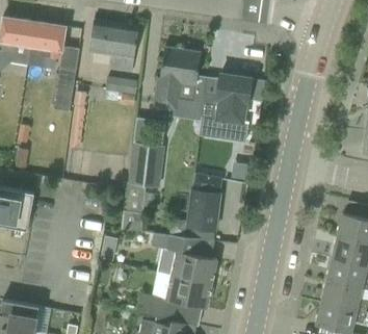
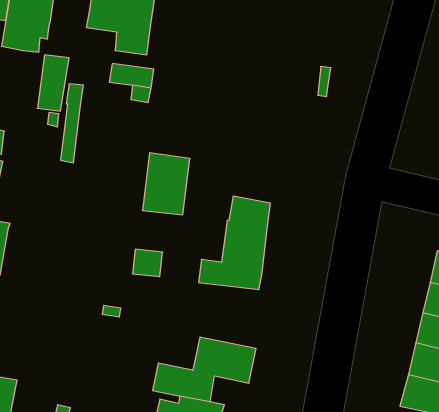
building: [153,46,201,109] -> none
building: [199,74,251,143] -> none
building: [151,233,216,283] -> none

